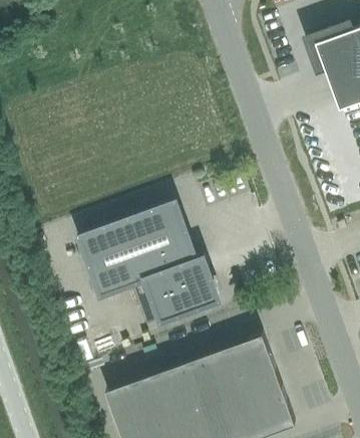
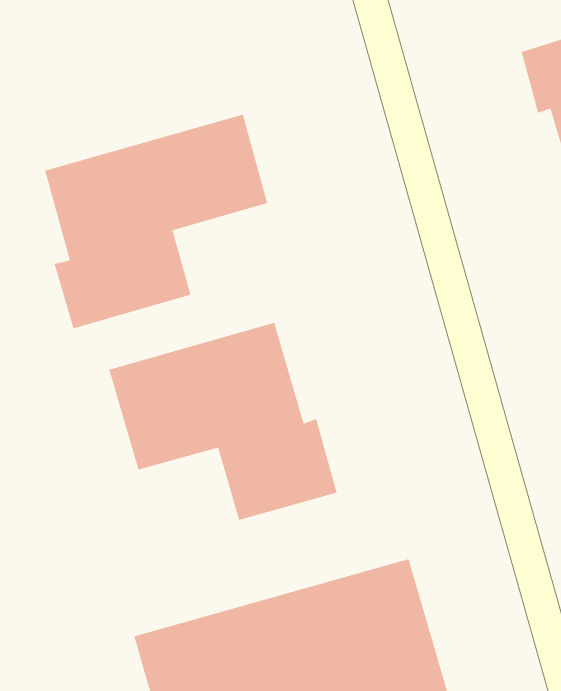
building: none -> [44,114,268,329]

